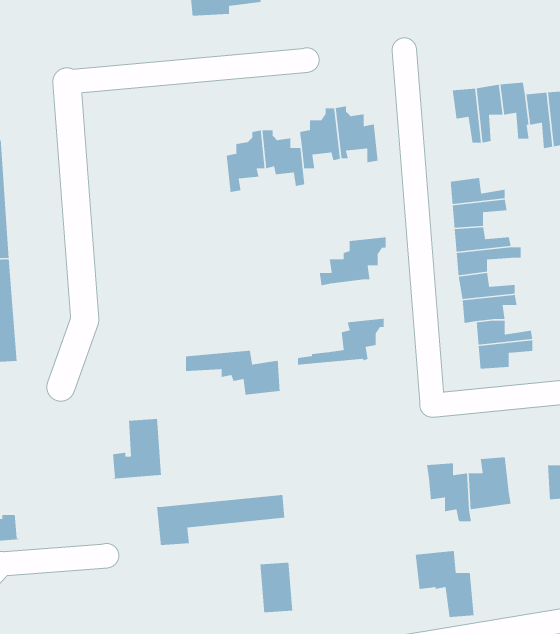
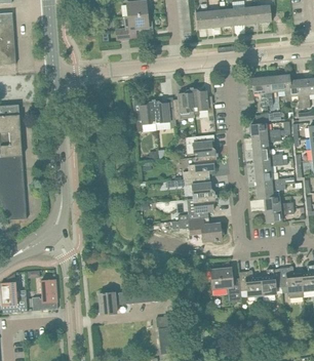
building: none -> [186,135,218,156]
building: none -> [184,176,217,198]
building: [185,350,280,396] -> [171,217,221,241]
building: [112,418,162,480] -> [32,279,57,311]
building: none -> [279,267,303,297]
building: [415,550,475,618] -> [210,268,241,303]

